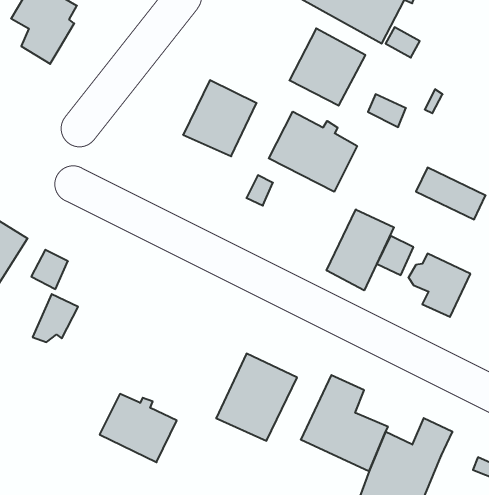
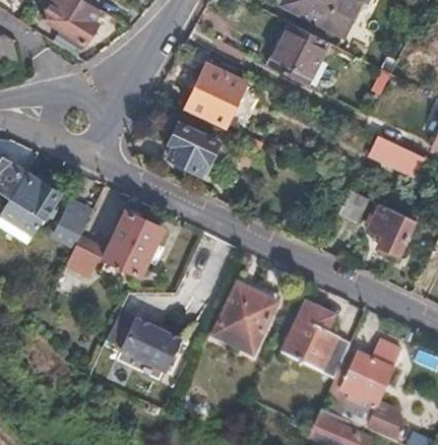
building: [269,112,357,192] -> none
building: none -> [167,123,220,172]
building: [327,209,394,290] -> none
building: none -> [103,211,161,273]

